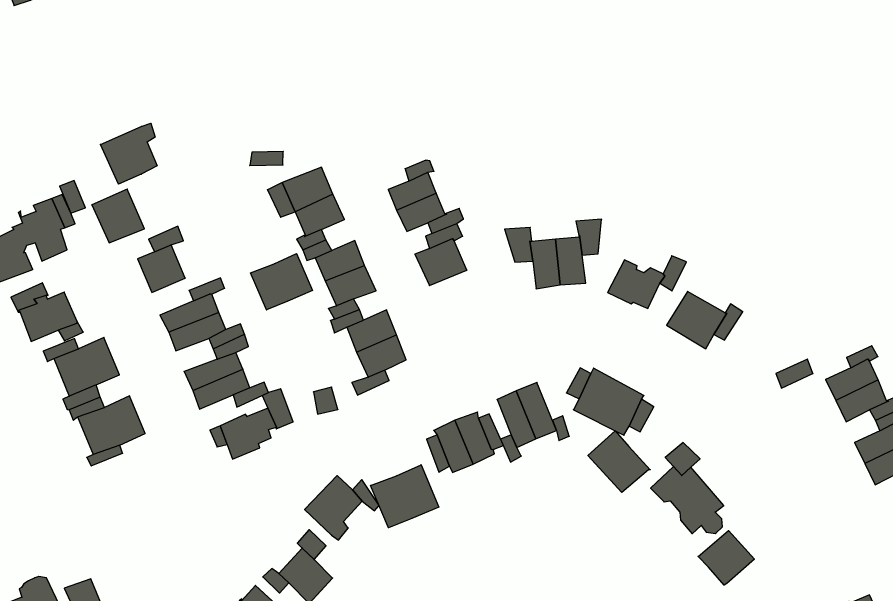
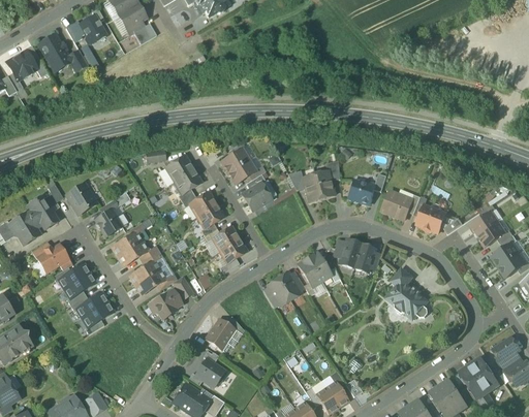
building: [100,123,157,184] -> none
building: [251,254,312,310] -> none
building: none -> [416,205,445,232]
building: [588,431,650,492] -> none
building: [371,465,439,528] -> none
building: [698,531,754,585] -> none

